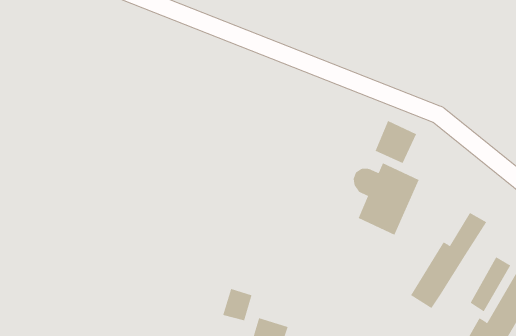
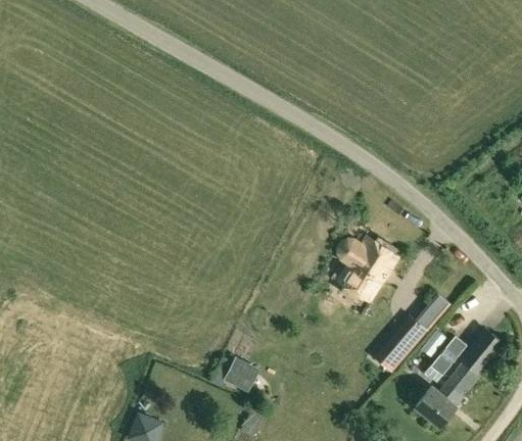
building: [375,120,417,164] -> none
building: [223,288,252,321] -> none

